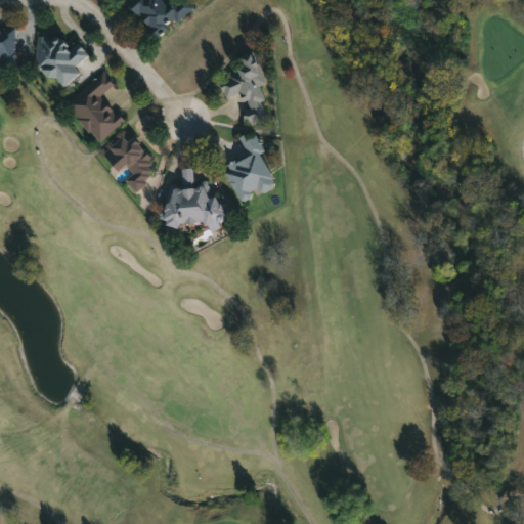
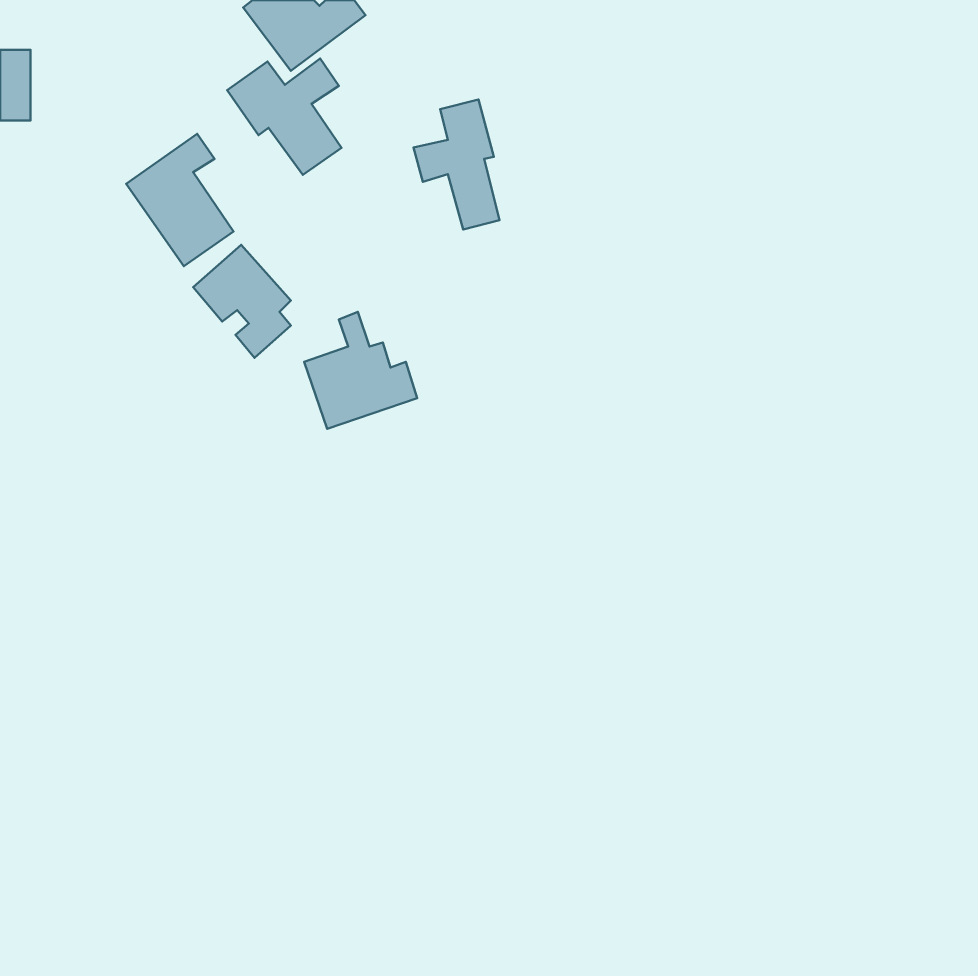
building: none -> [227,58,341,175]
building: [37,39,84,80] -> none
building: [223,131,276,203] -> none

